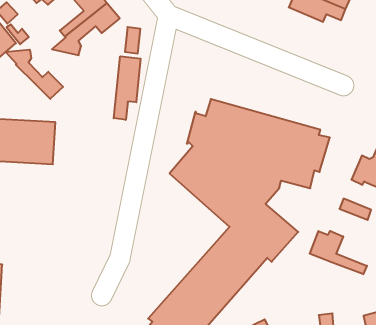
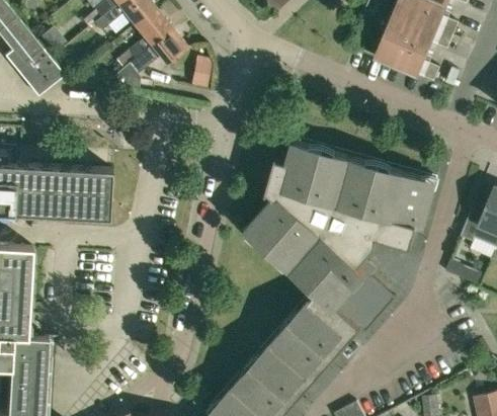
building: none -> [376,32,439,80]
building: [6,50,63,99] -> none
building: [114,56,141,120] -> none
building: [310,231,367,274] -> none

